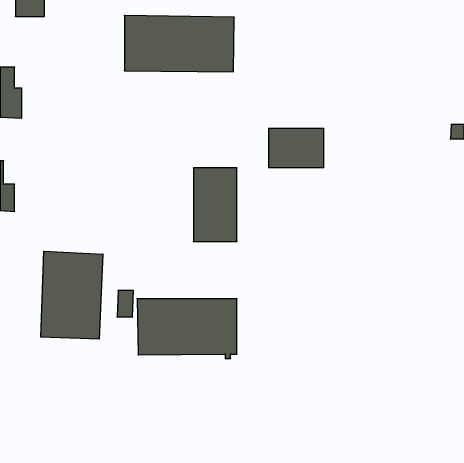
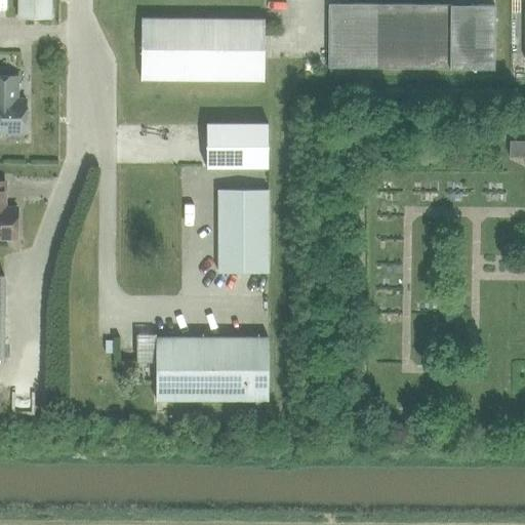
building: none -> [328,4,494,69]
building: [269,128,324,167] -> [205,124,268,168]
building: [41,251,103,339] -> none

